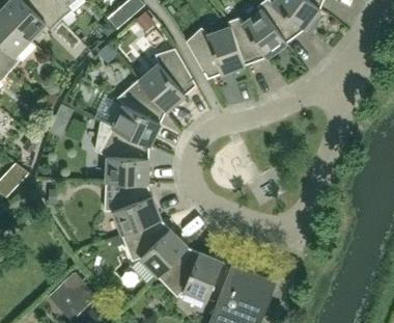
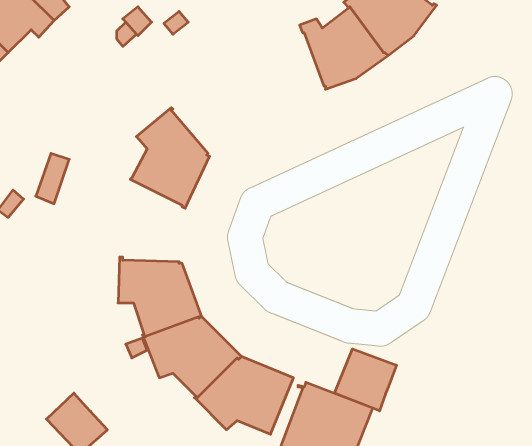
building: [186,26,245,78] -> none
building: [140,48,196,110] -> none
building: [94,120,149,183] -> none
building: none -> [335,349,396,411]

